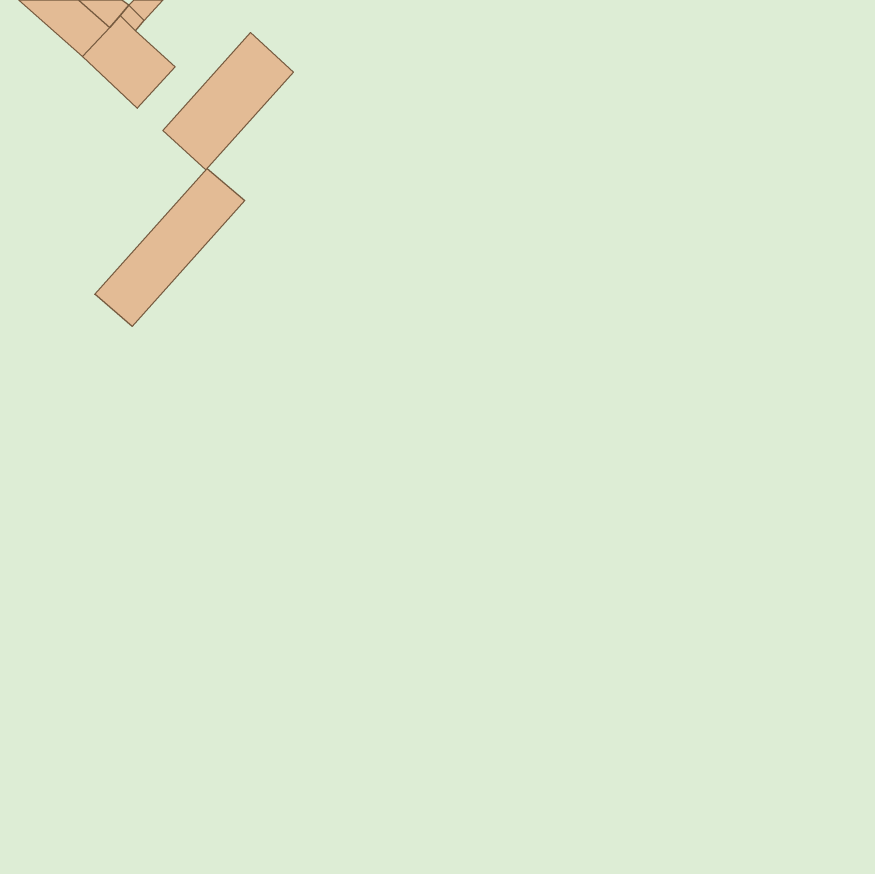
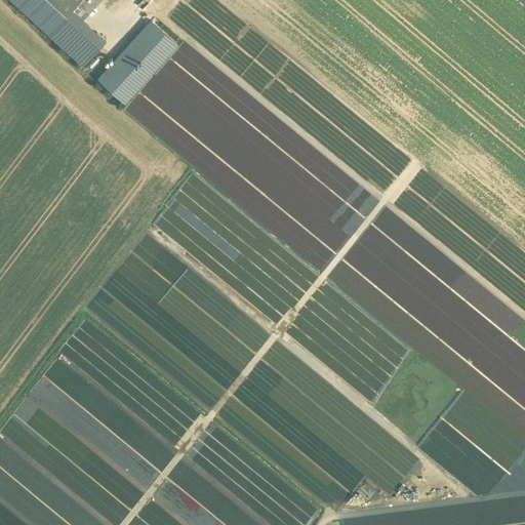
building: [95,168,245,326] -> none

